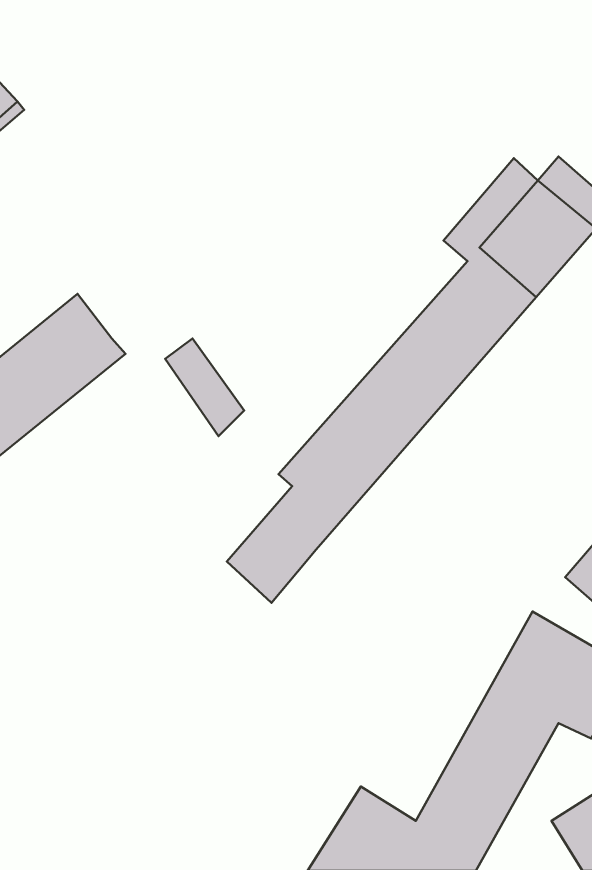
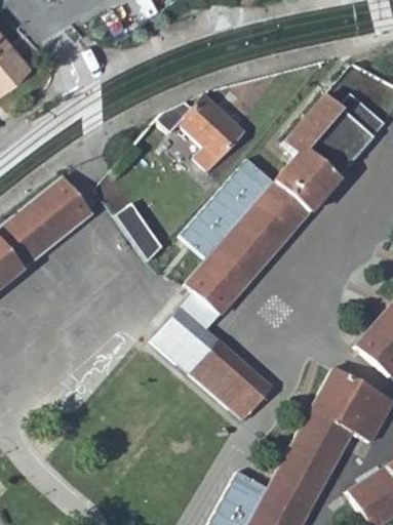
building: none -> [155,95,244,169]
building: none -> [181,161,271,257]
building: none -> [180,330,272,418]

